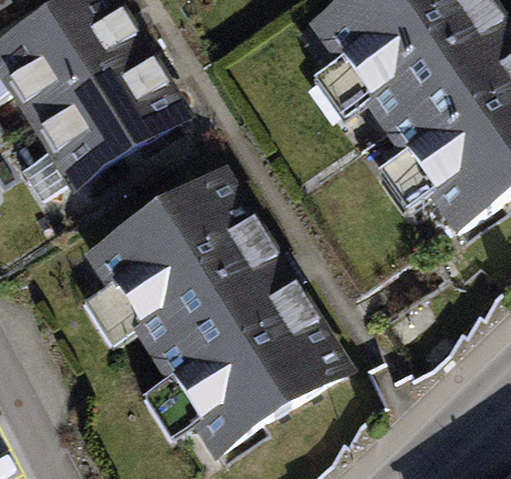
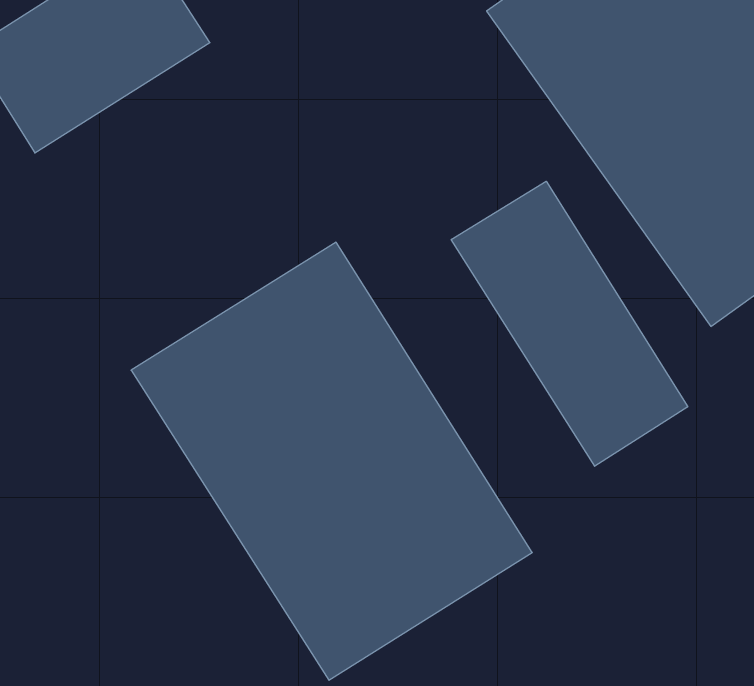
building: [20,47,180,197] -> none
building: none -> [451,181,688,466]

